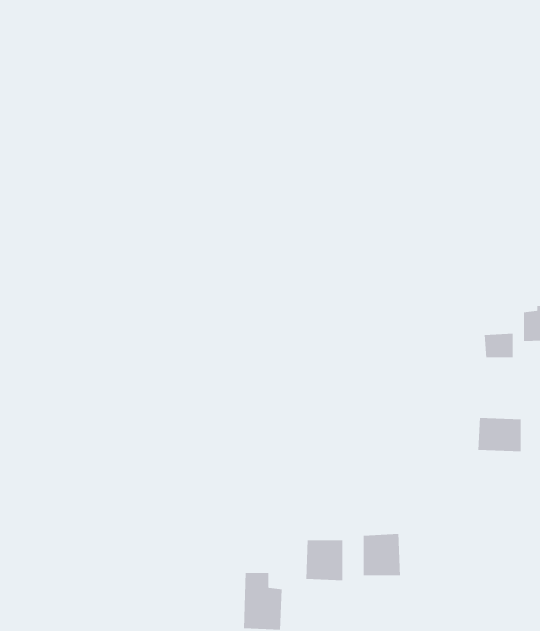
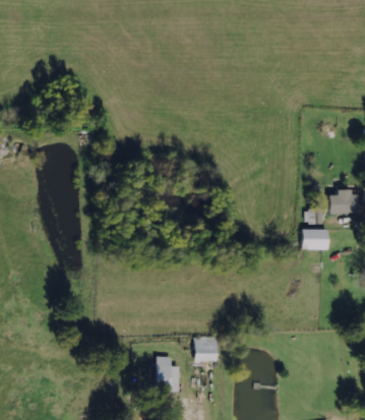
building: [477,418,522,452] -> [300,229,327,250]
building: [363,533,400,576] -> none

